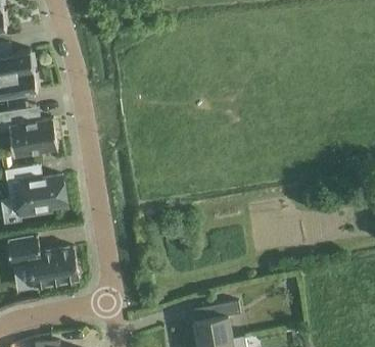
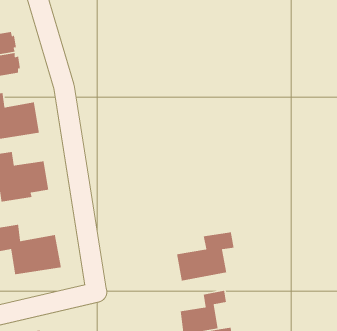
building: none -> [176,231,234,281]

